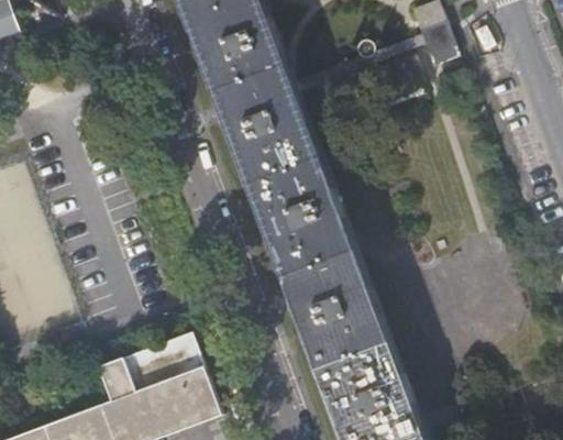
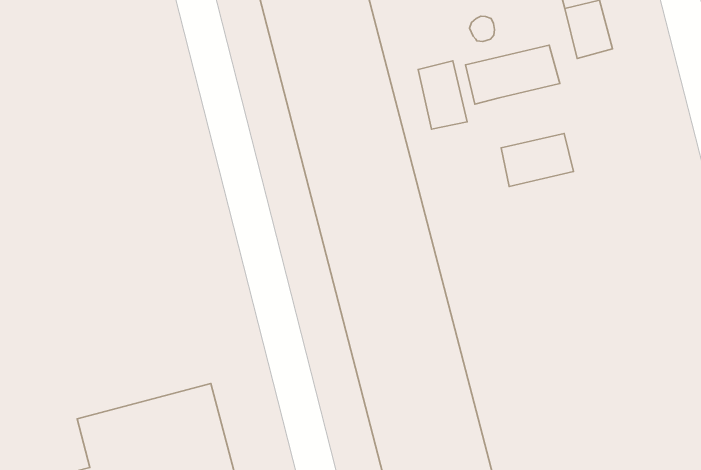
building: none -> [418,61,467,129]
building: none -> [501,134,574,186]

